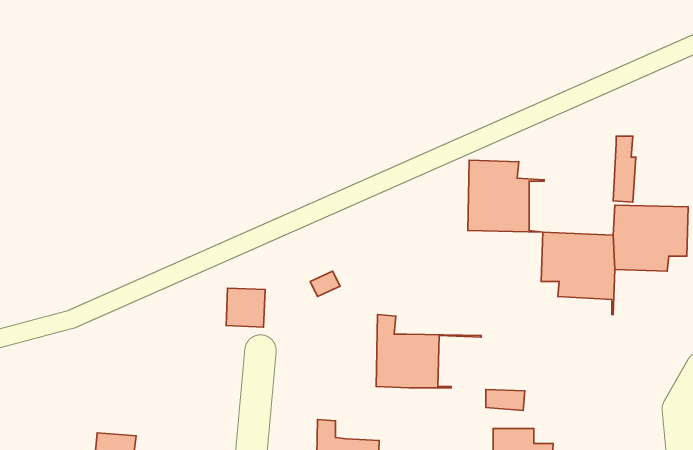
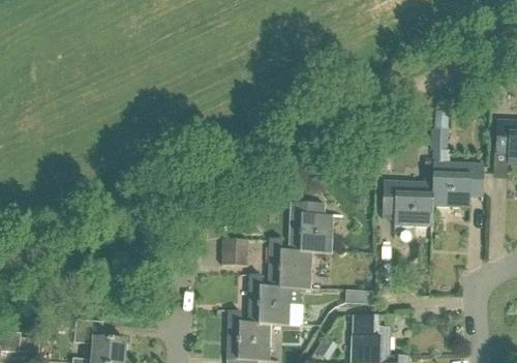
building: [468,160,544,232] -> [288,202,341,251]
building: [226,288,265,327] -> [221,238,248,265]
building: none -> [247,273,299,324]

